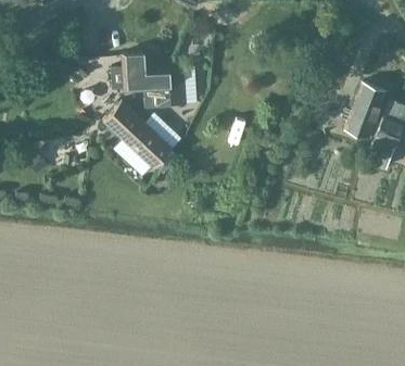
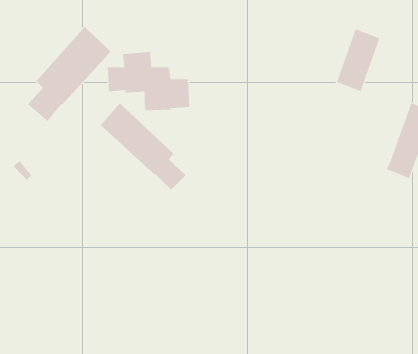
building: none -> [27,26,112,122]
building: [343,80,383,138] -> [336,29,380,92]

